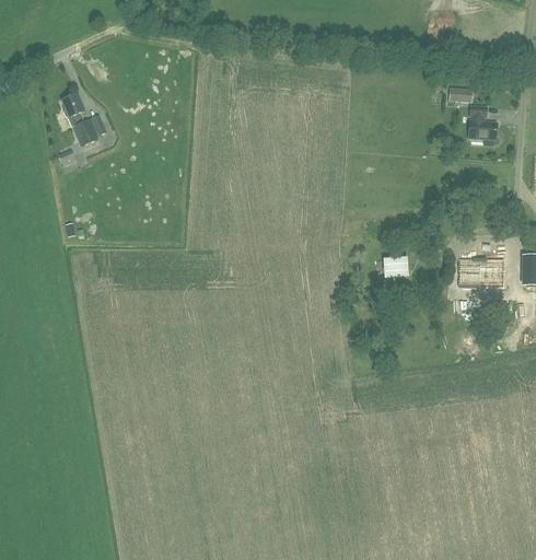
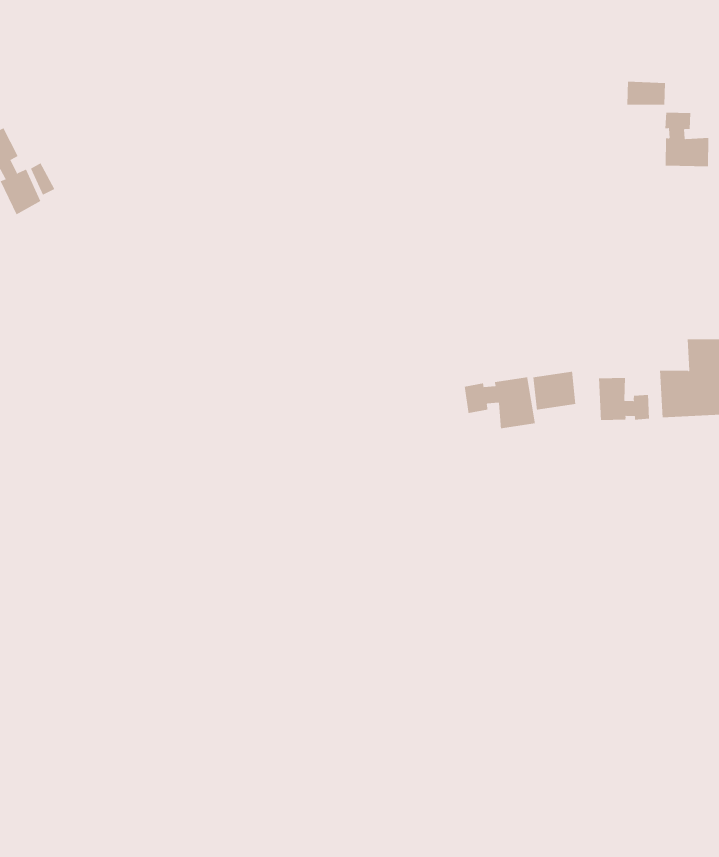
building: none -> [464,377,535,429]
building: none -> [599,377,650,421]

